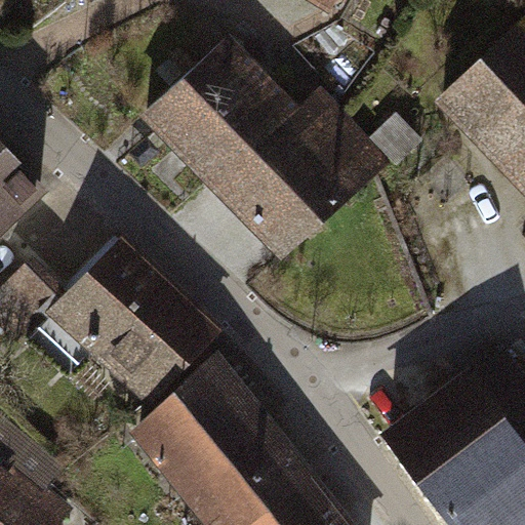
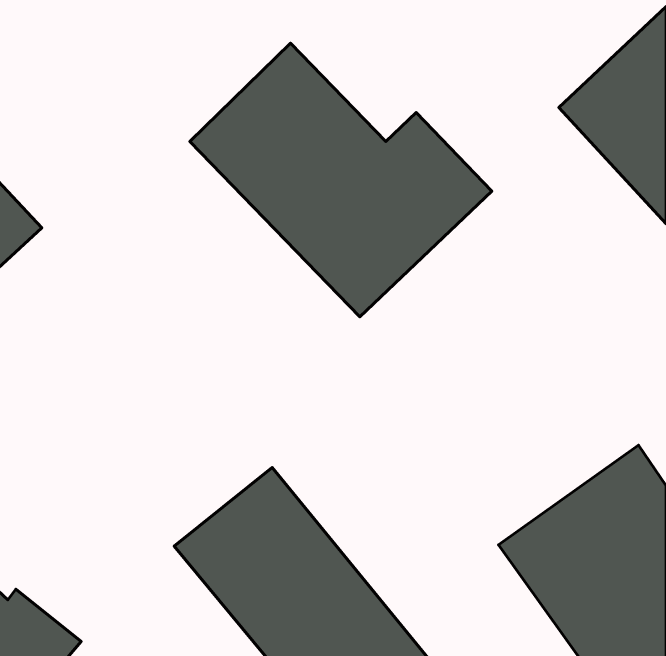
building: [49,239,217,408] -> none

